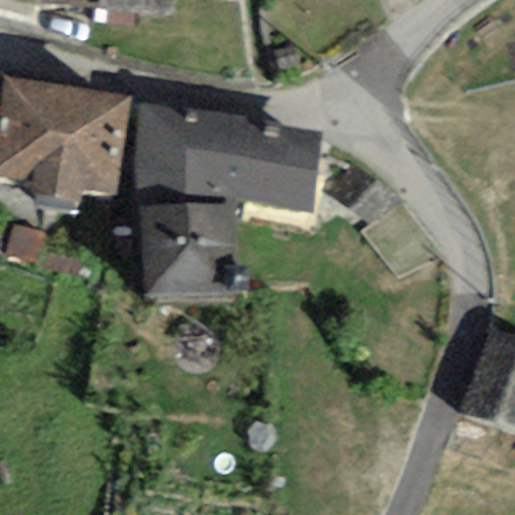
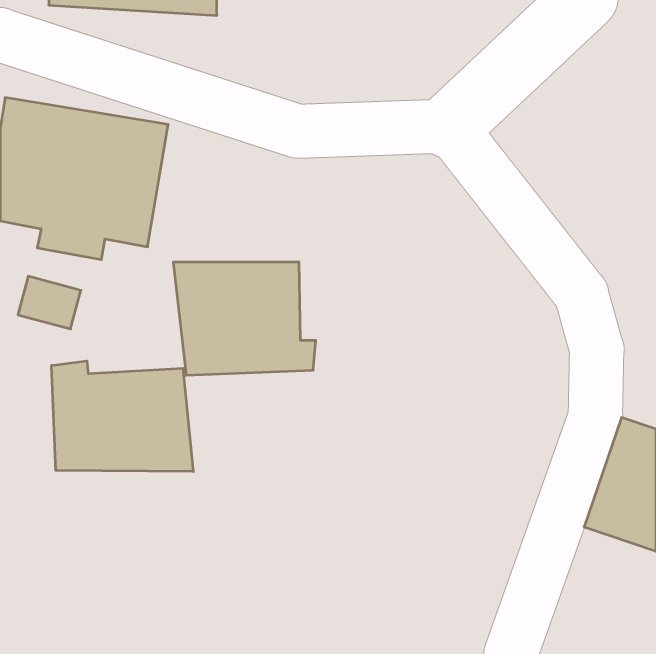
building: [132,103,321,212] -> none
building: none -> [52,361,193,472]

